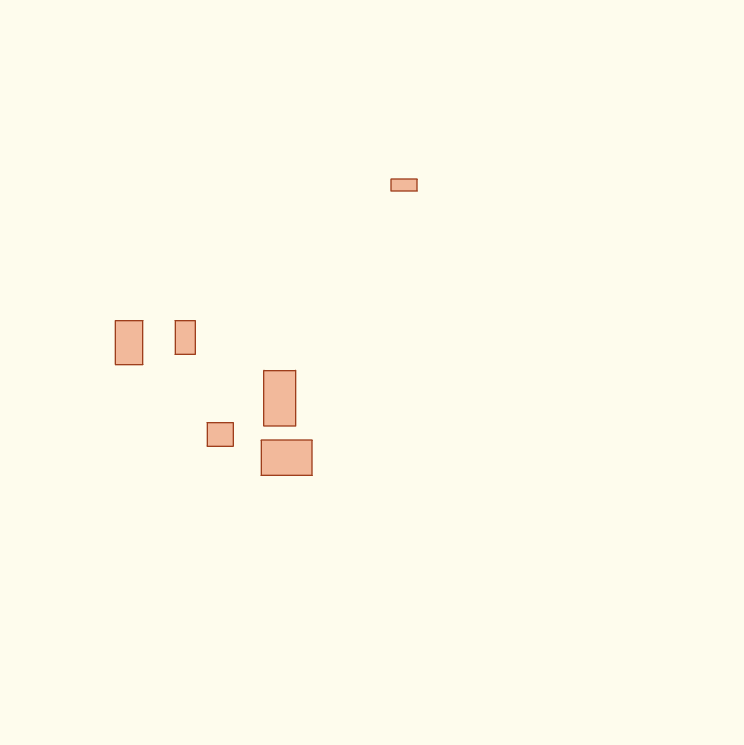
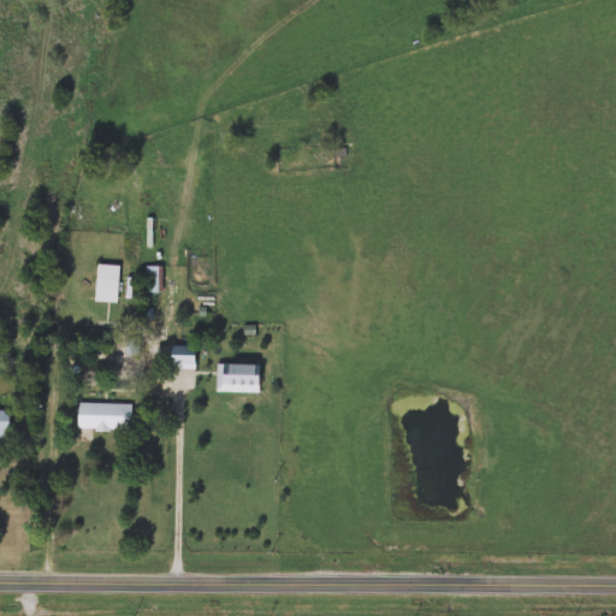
building: [264,370,296,426] -> none
building: none -> [78,403,130,430]

